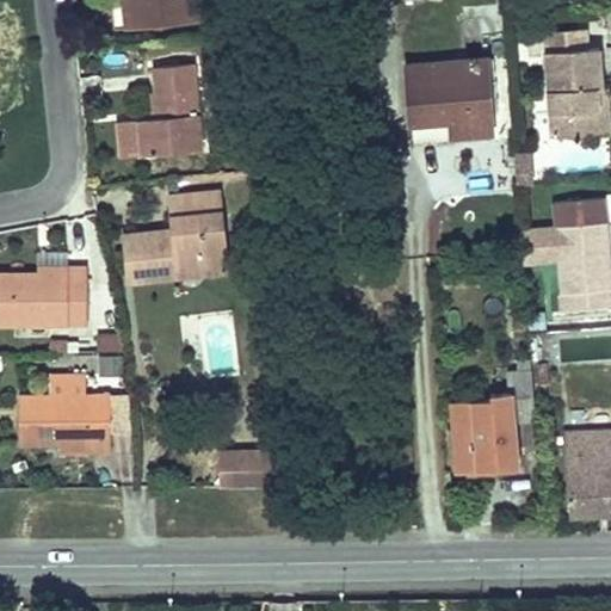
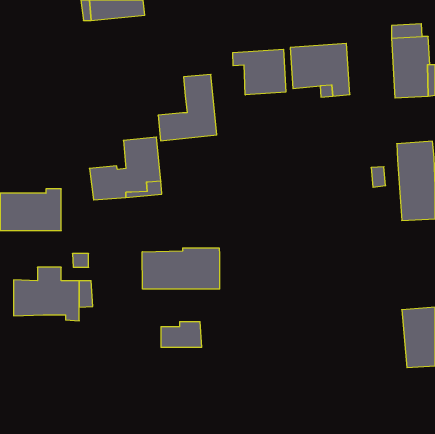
building: [118,66,200,159] -> [158,74,217,141]
building: none -> [233,49,286,95]
building: none -> [142,248,220,289]
building: [451,362,532,475] -> none

